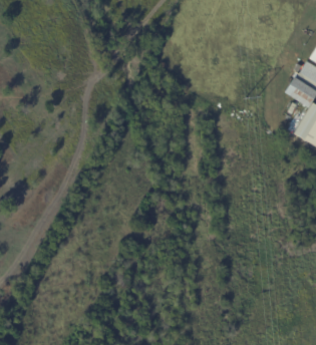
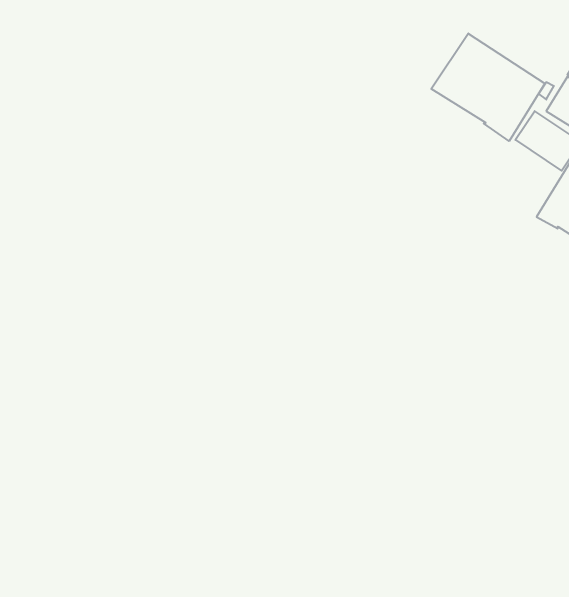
building: none -> [431,33,545,141]

